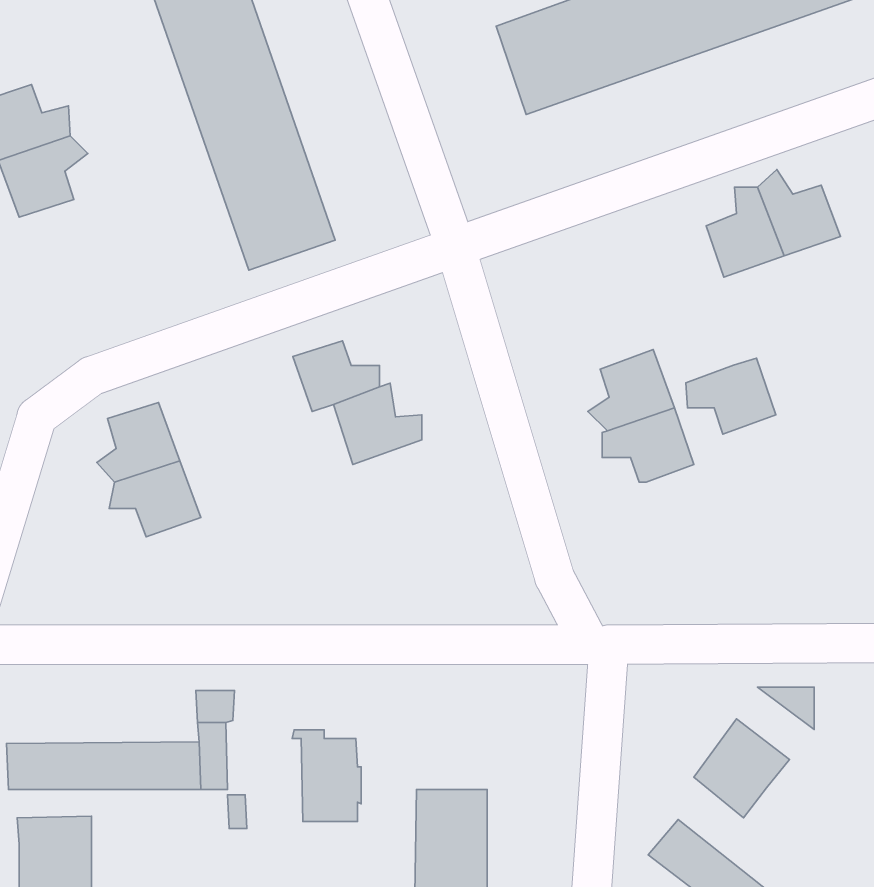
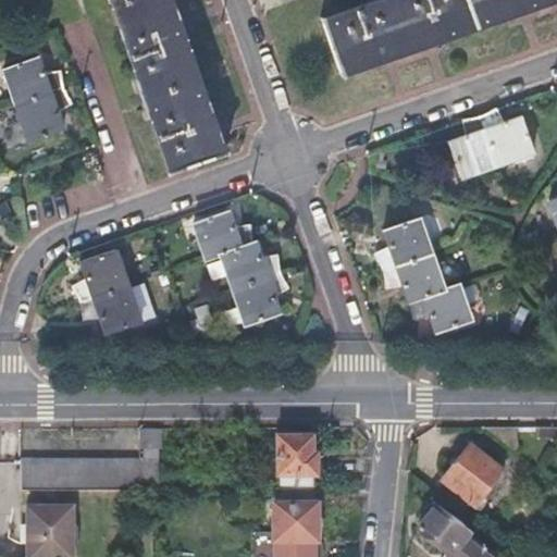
building: [686,358,776,434] -> [416,285,471,332]
building: none -> [235,274,288,322]
building: [292,730,361,822] -> [274,433,317,490]

